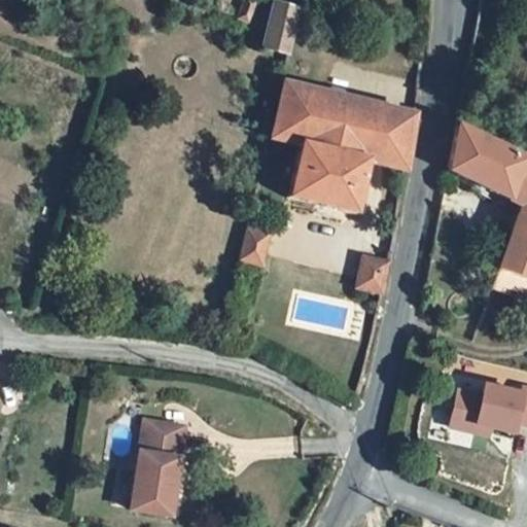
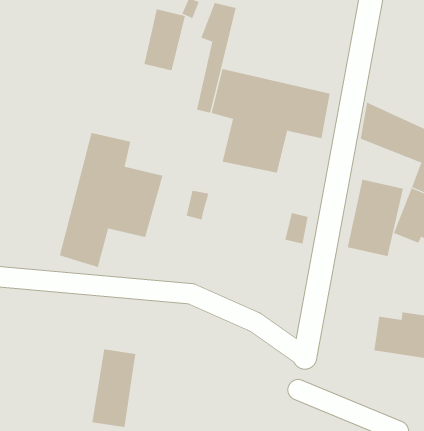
building: none -> [144,9,186,71]
building: none -> [59,132,163,268]
building: none -> [347,179,404,257]

